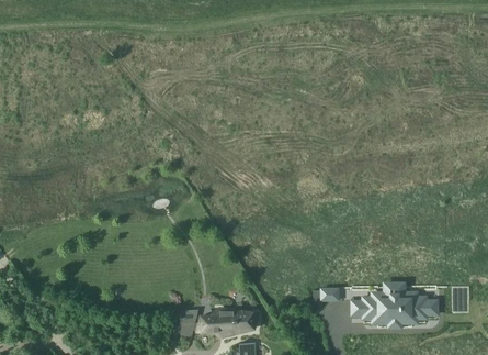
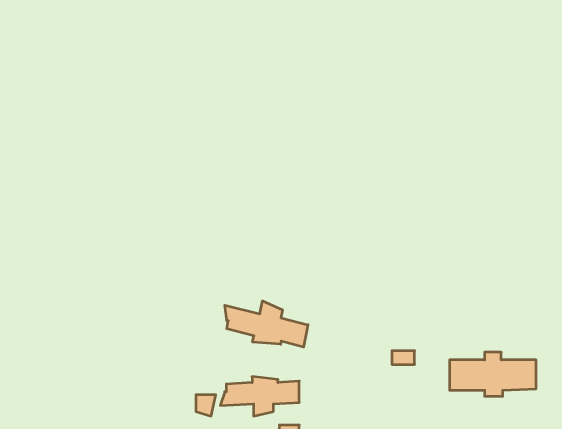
building: none -> [225,301,308,347]

